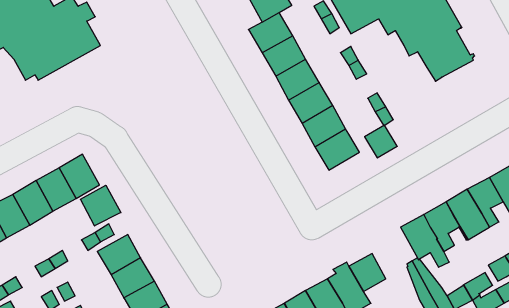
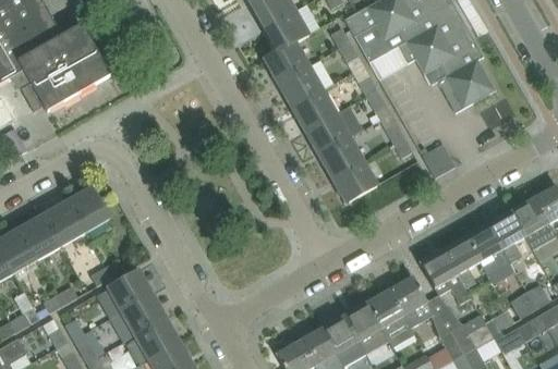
building: [365,125,397,158] -> [421,143,454,176]
building: [80,185,121,226] -> none
building: none -> [390,276,427,327]

